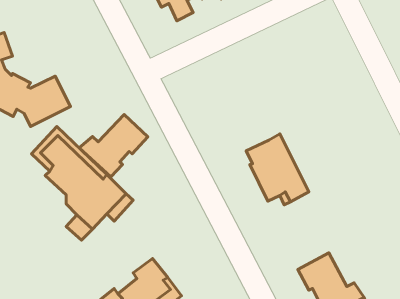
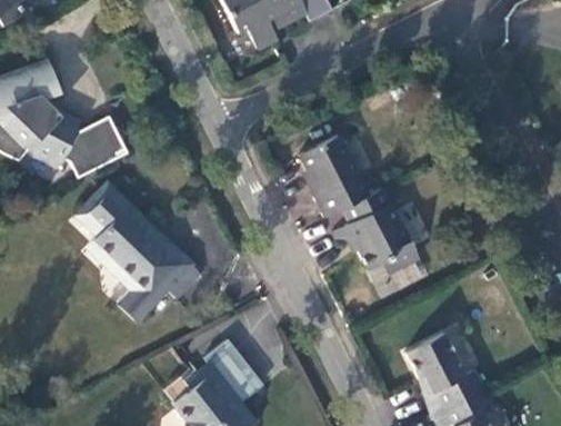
building: none -> [298,135,368,217]
building: [79,114,148,177] -> none

